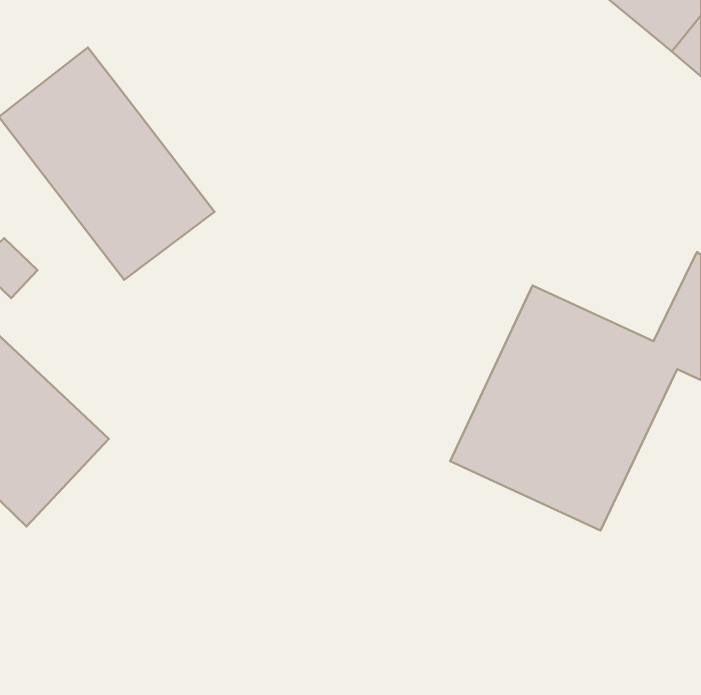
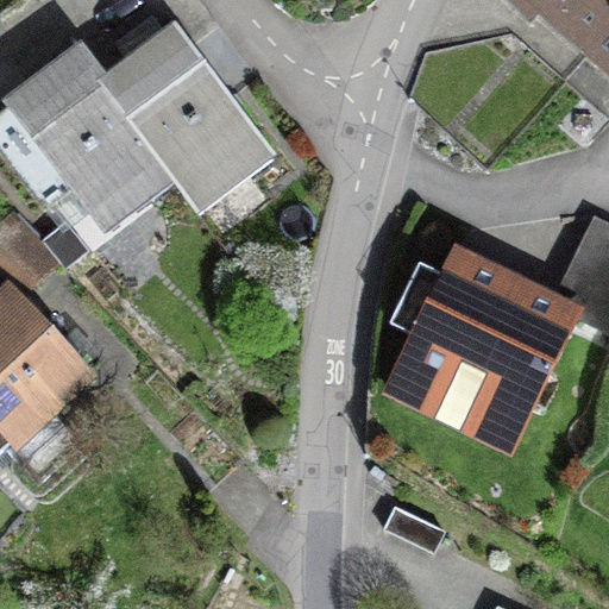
building: none -> [99,17,274,207]

